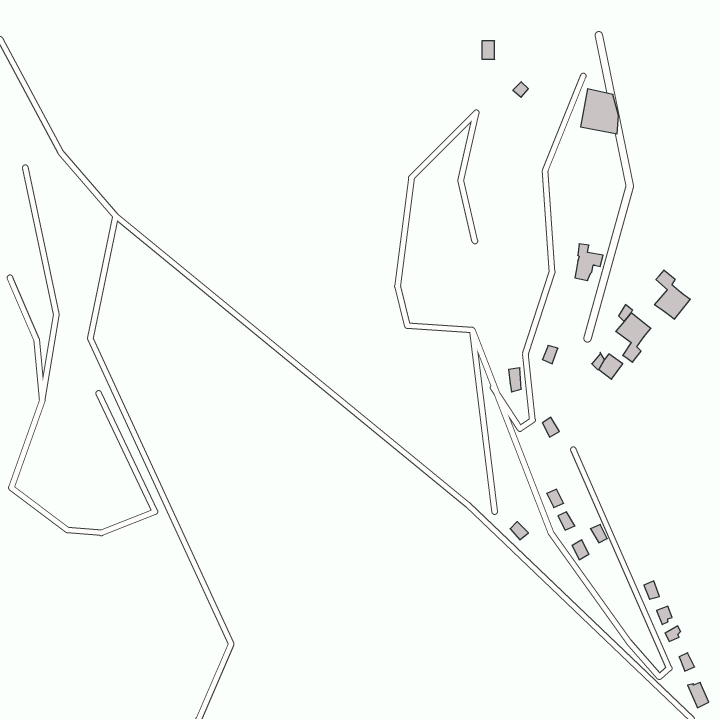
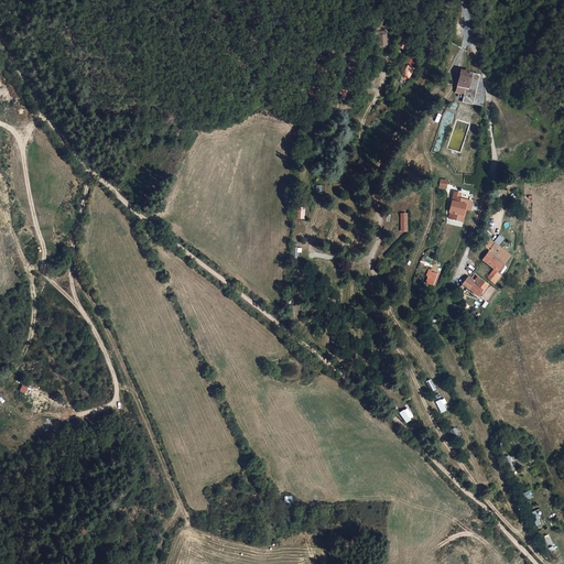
building: [655,270,690,319] -> none

